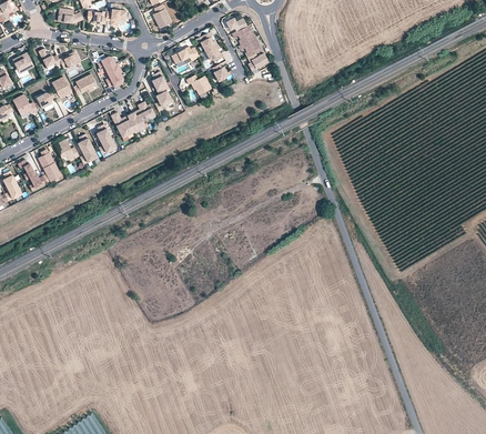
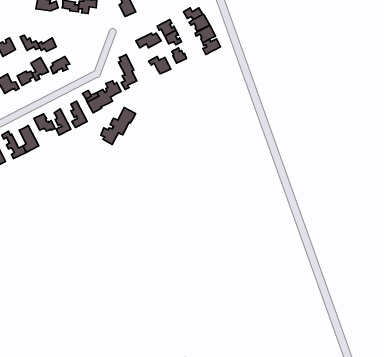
building: [98,55,123,87] -> none
building: none -> [101,108,136,144]

